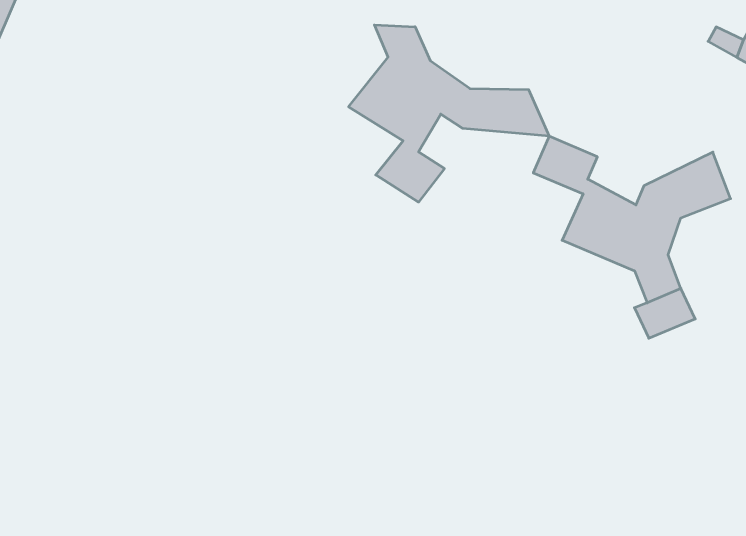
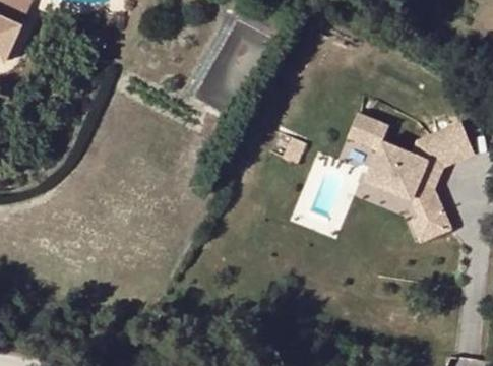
building: [349,25,549,202] -> none

